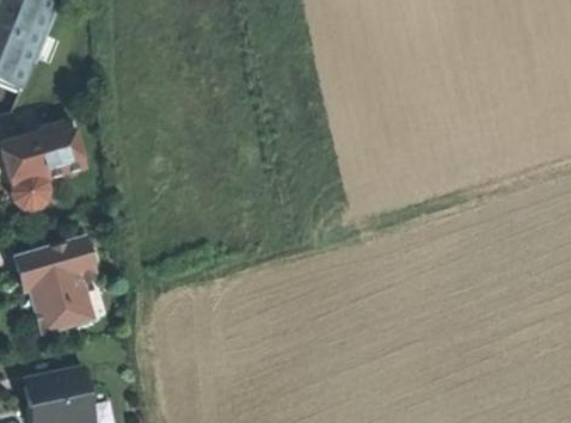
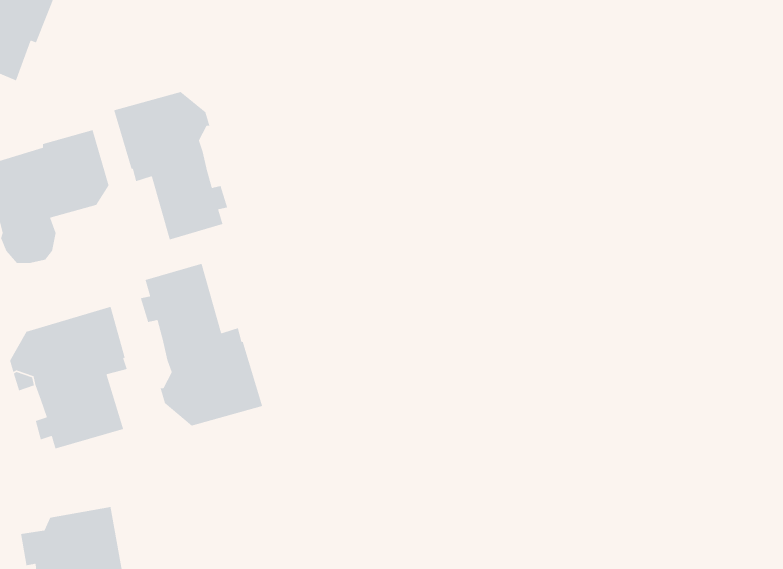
building: none -> [113,91,228,240]
building: none -> [140,263,263,426]

